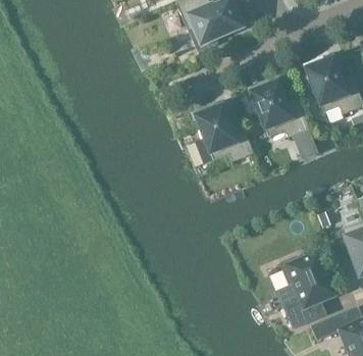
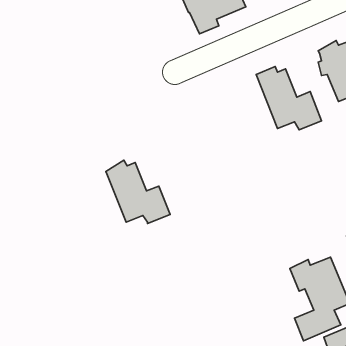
building: [196,104,254,161] -> [106,160,170,223]

